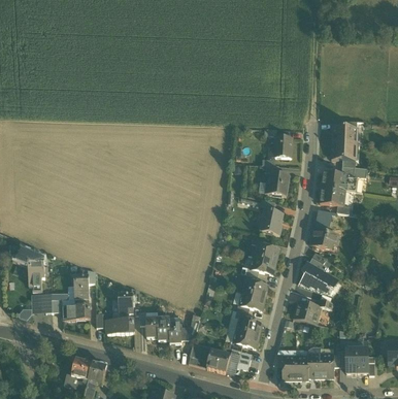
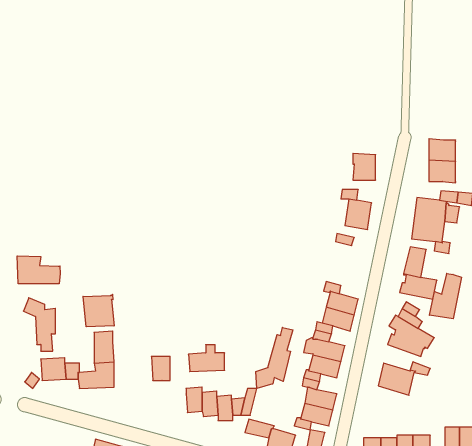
building: [261,209,283,235] -> none
building: none -> [17,256,60,284]
building: none -> [429,273,462,319]
building: none -> [83,294,114,327]
building: none -> [256,327,293,388]
building: [106,312,134,333] -> [188,345,225,372]

